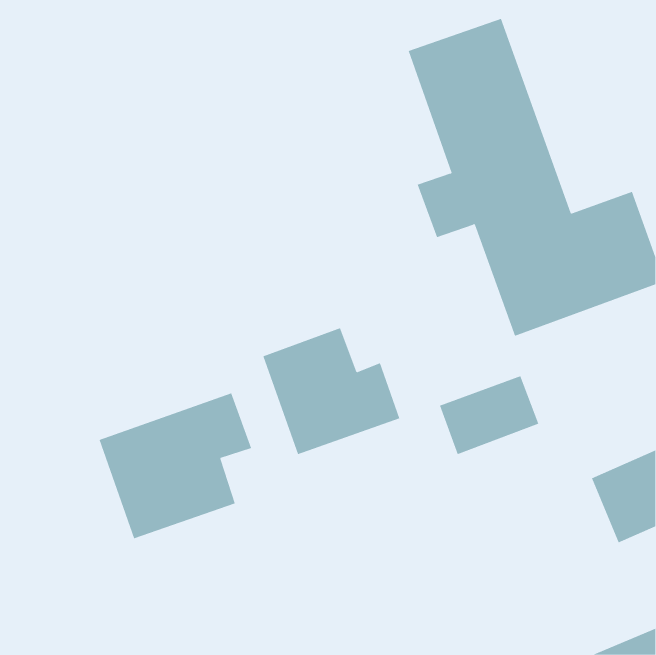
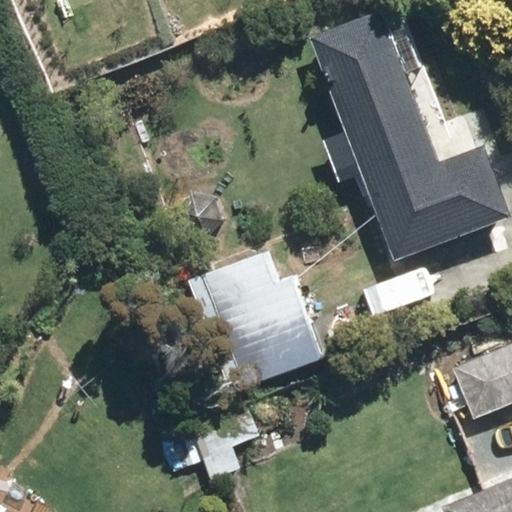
building: [99,392,252,539] -> none

